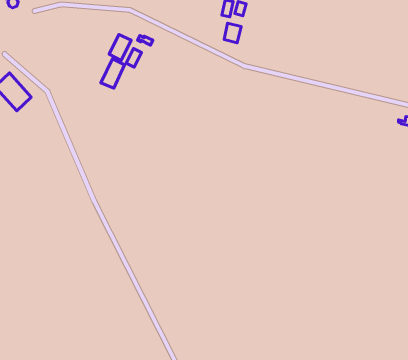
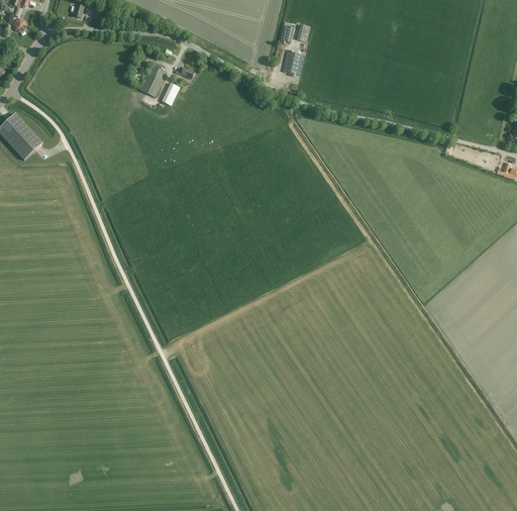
building: [101,59,125,88] -> none

